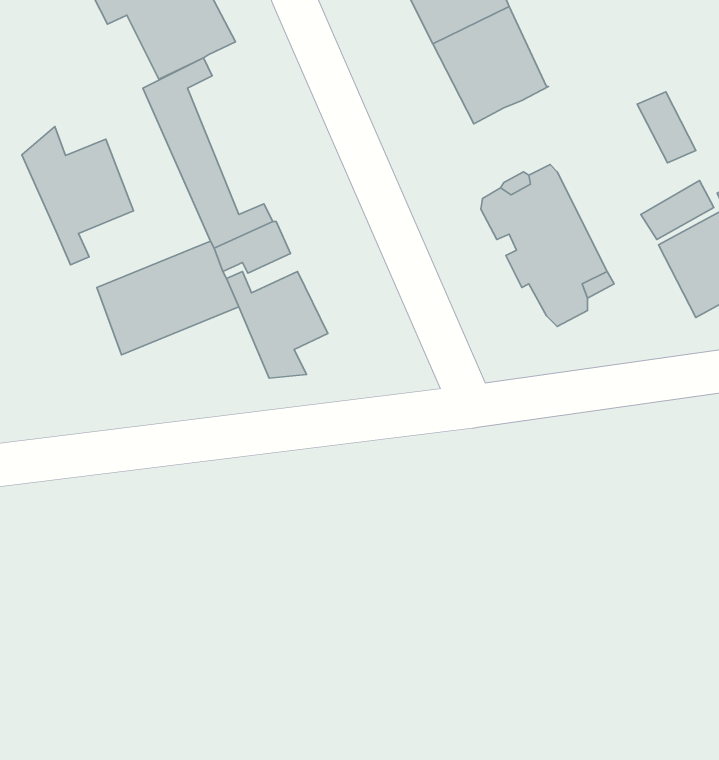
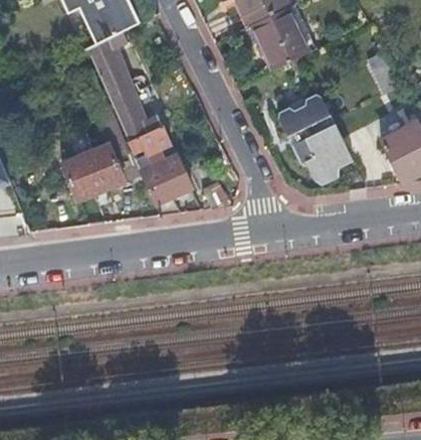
building: [22,126,133,265] -> none

